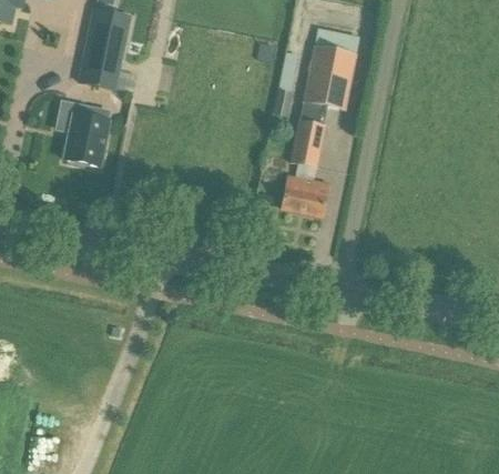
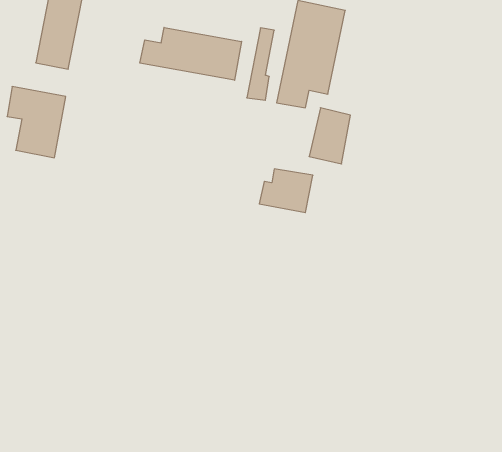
building: none -> [140,27,242,80]
building: [291,119,327,169] -> [309,108,350,164]

